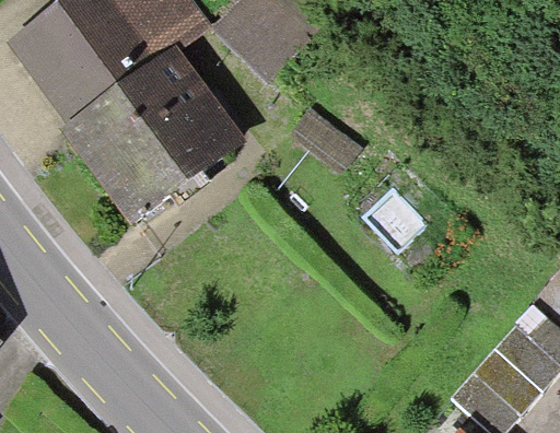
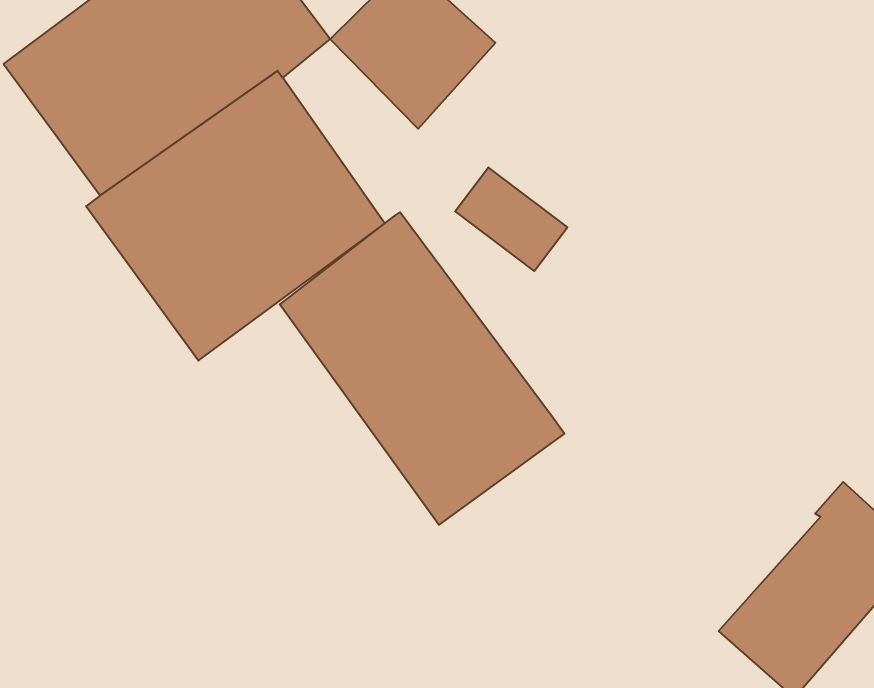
building: none -> [280,212,564,525]

